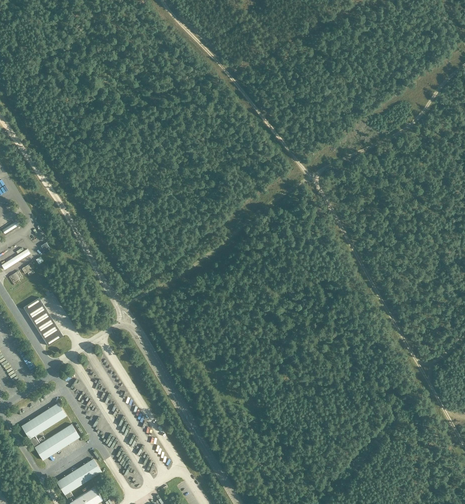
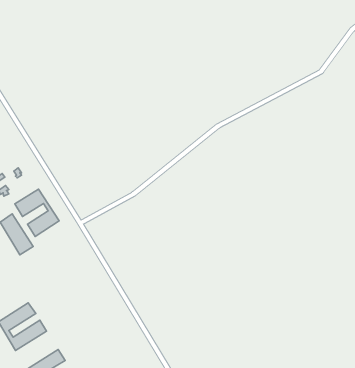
building: none -> [15,189,59,236]

